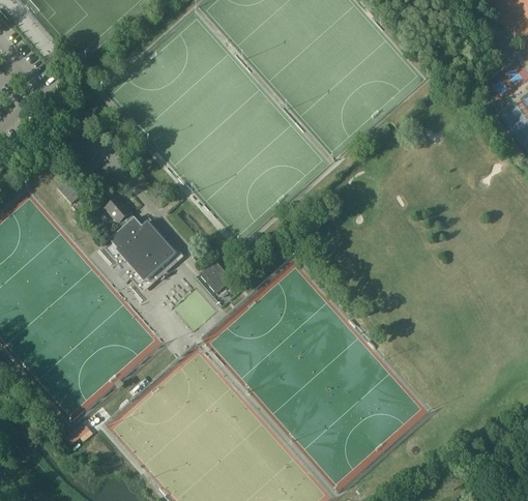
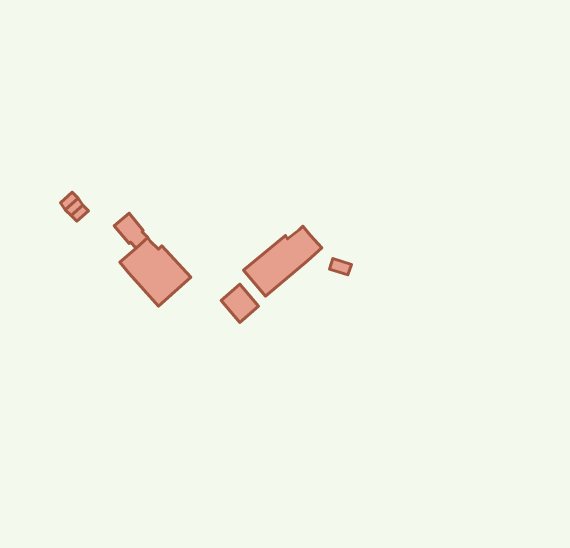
building: none -> [244,226,322,296]

